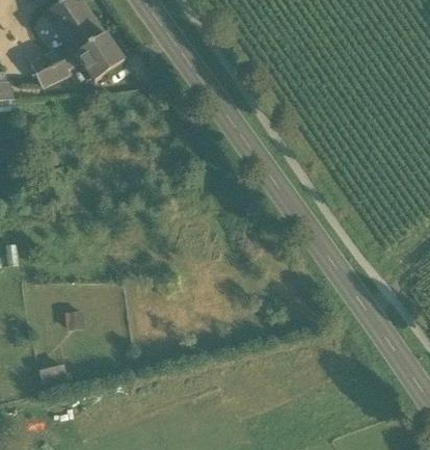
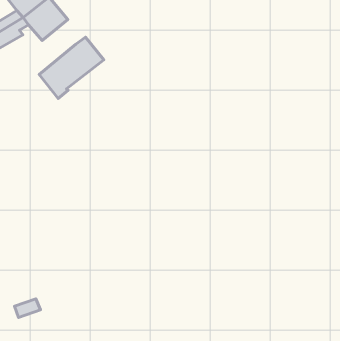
building: none -> [39,37,104,98]

